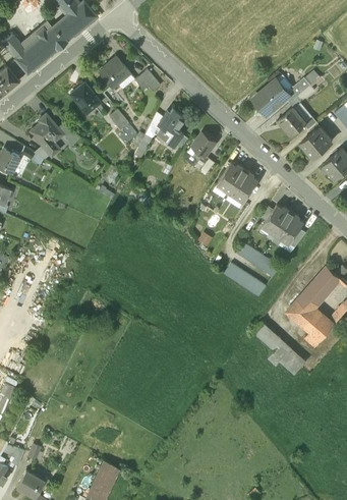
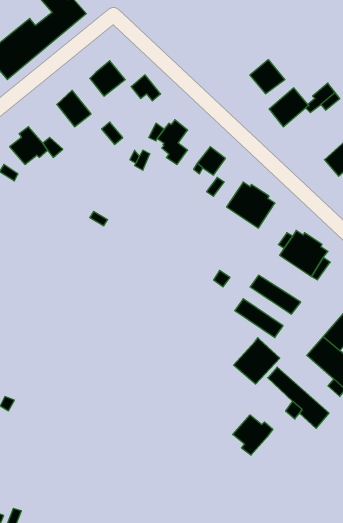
building: none -> [250,60,285,94]
building: [278,108,305,136] -> none
building: none -> [234,338,280,384]
building: none -> [233,415,273,455]

